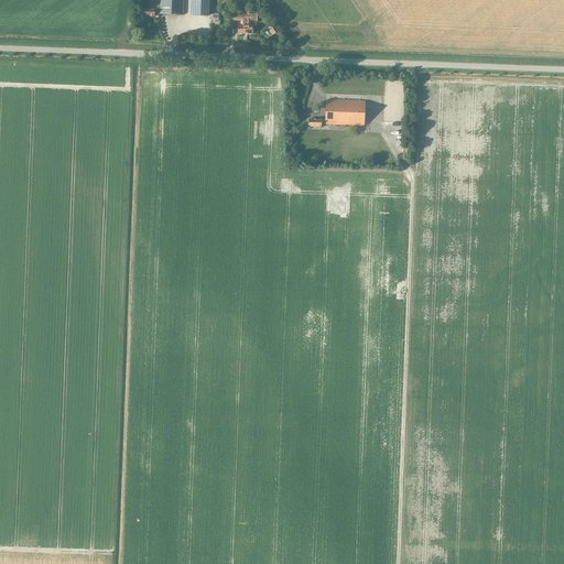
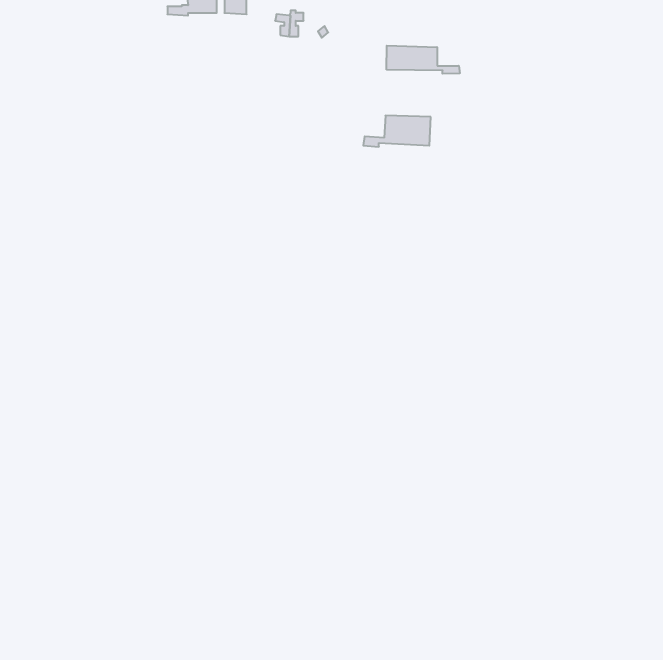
building: none -> [387,46,460,74]

